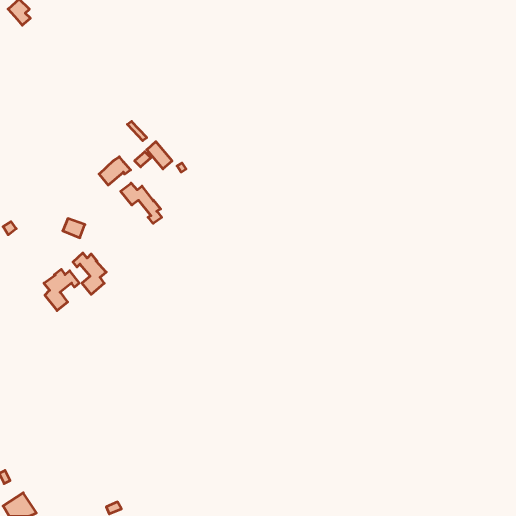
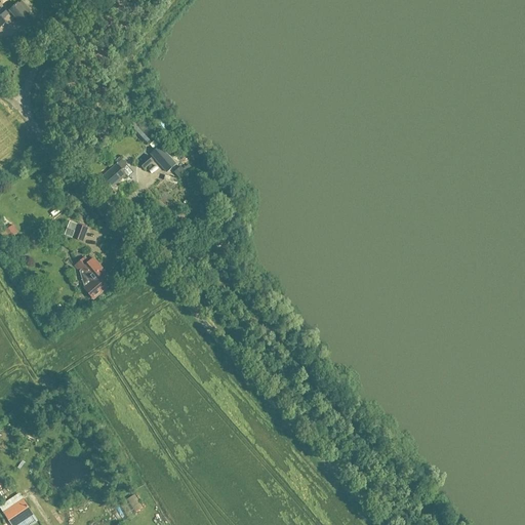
building: [121,183,162,223] -> none
building: [44,269,79,311] -> none

